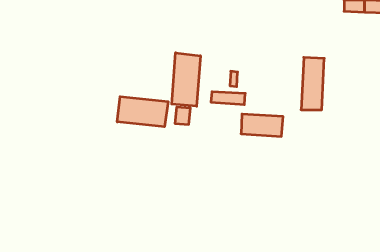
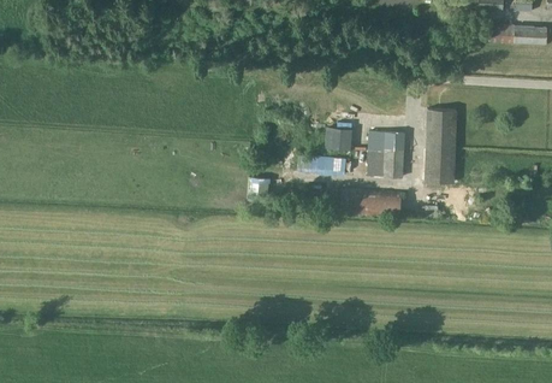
building: [172,53,200,106] -> none
building: none -> [368,130,404,176]
building: [117,97,168,127] -> none

